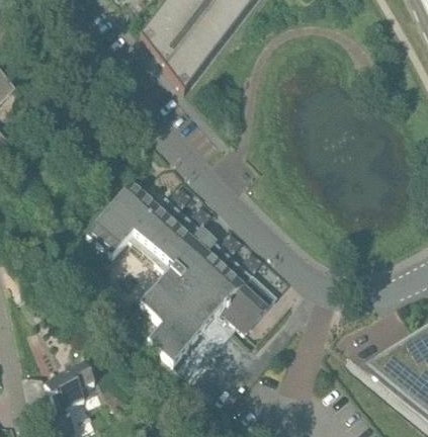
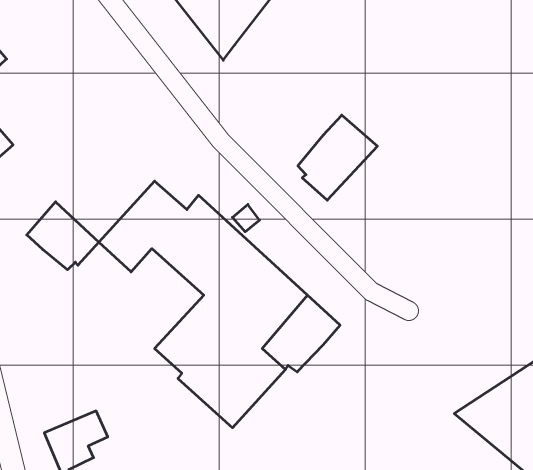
building: none -> [298,115,377,200]
building: none -> [27,202,99,270]

